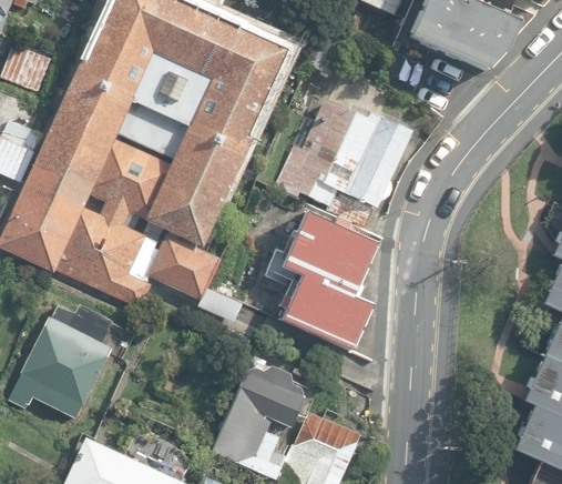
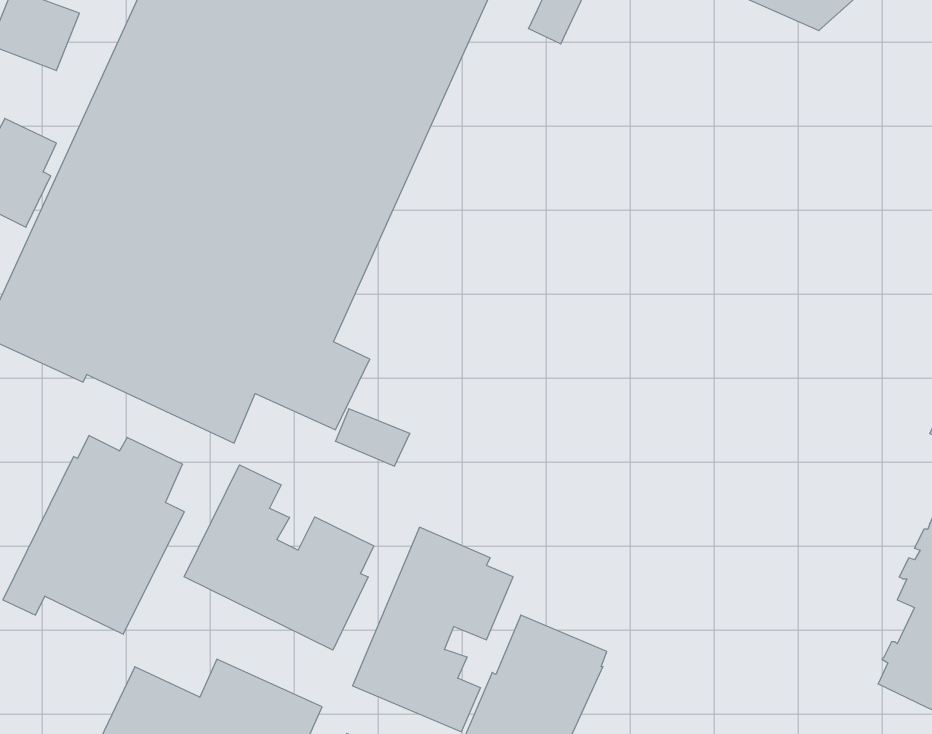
building: [273,99,411,225] -> none
building: [280,210,377,351] -> none
building: none -> [184,465,374,650]

